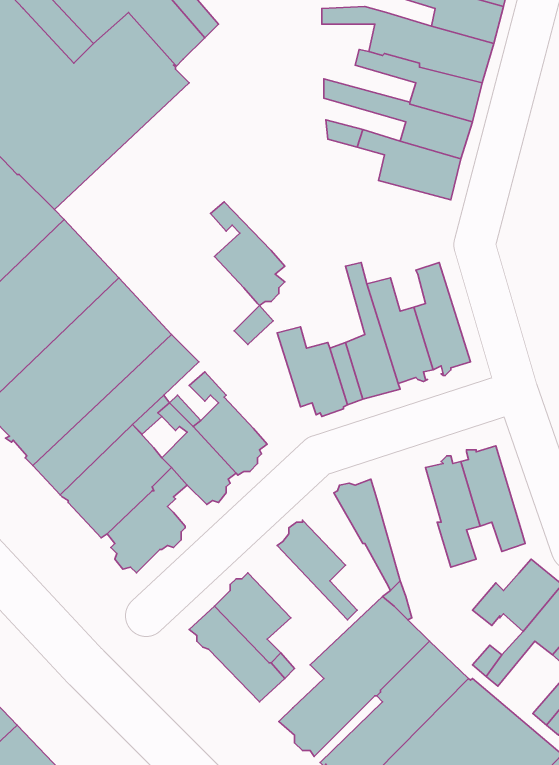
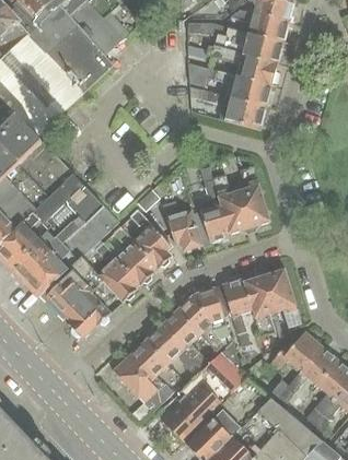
building: [211,202,285,305] -> [129,210,171,268]
building: none -> [221,278,253,345]
building: none -> [175,294,222,351]
building: none -> [144,323,200,373]

